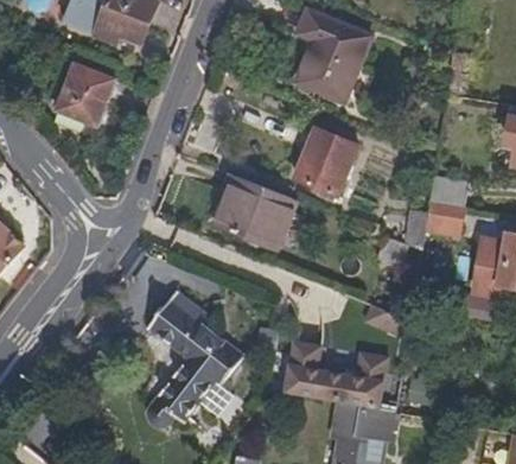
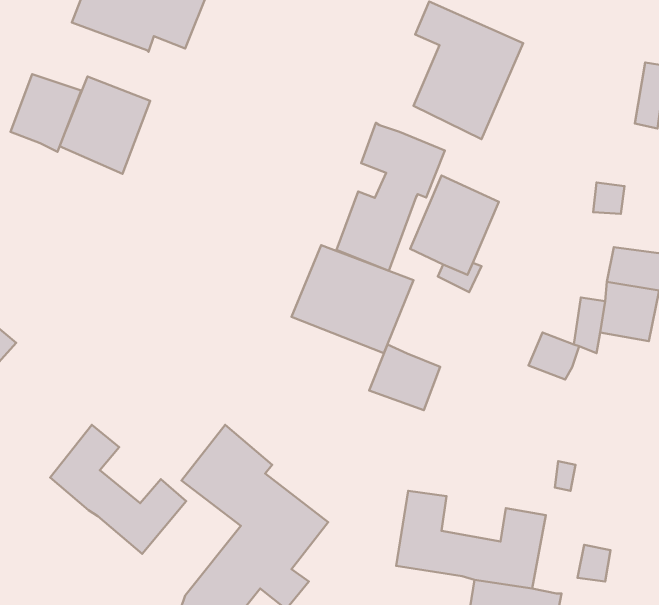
building: none -> [10,74,81,152]
building: none -> [337,123,445,271]
building: none -> [369,344,440,410]
building: none -> [50,425,186,554]

